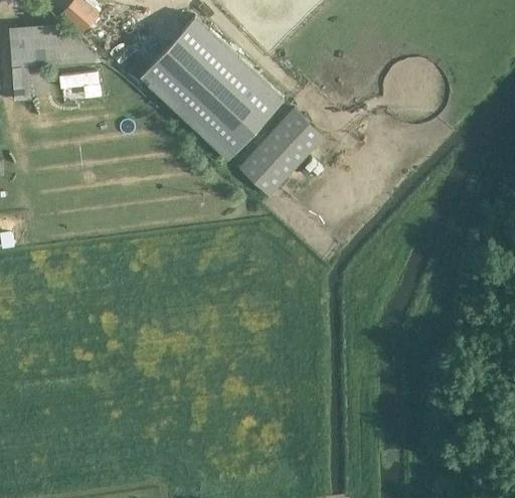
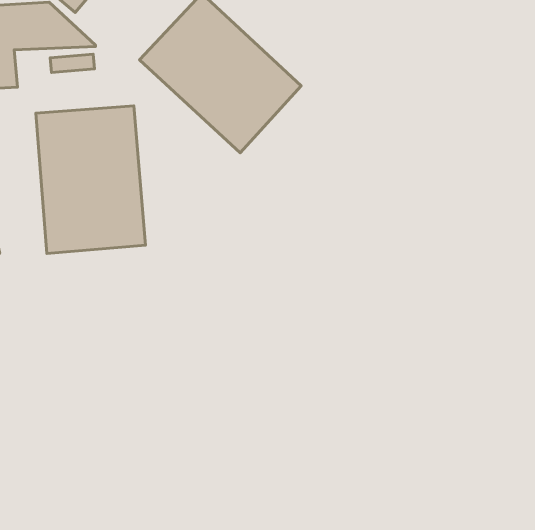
building: [238,113,324,199] -> none
building: none -> [36,106,146,254]

